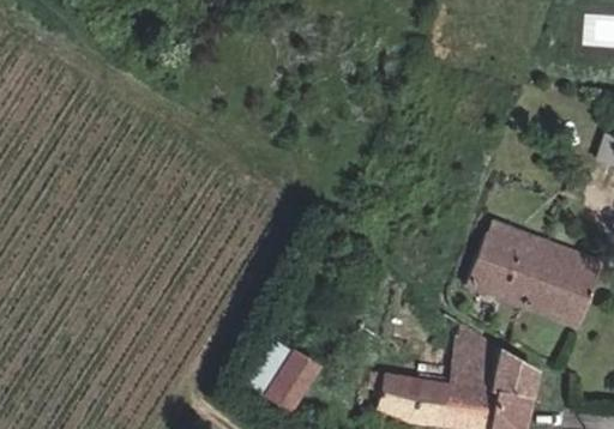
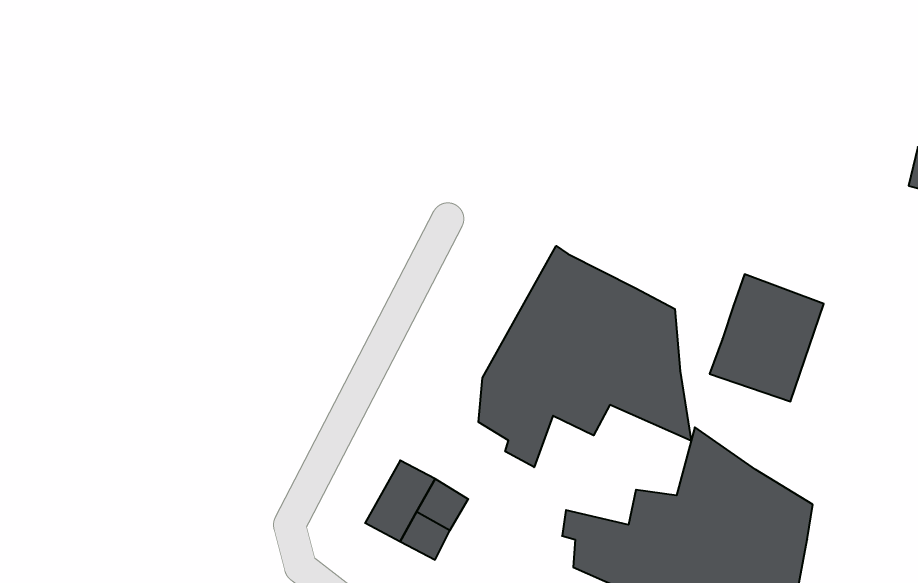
building: none -> [479,246,691,467]
building: [525,242,600,324] -> none

